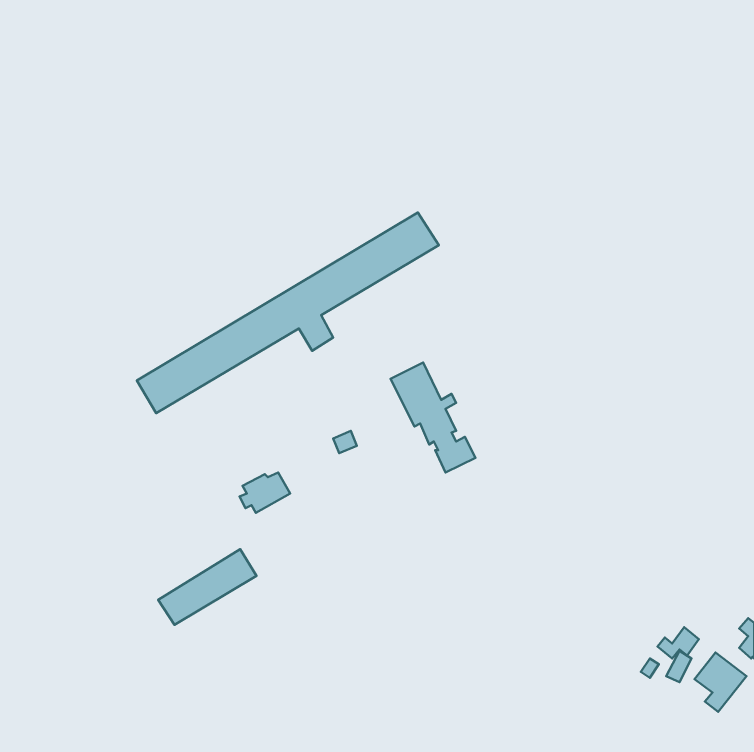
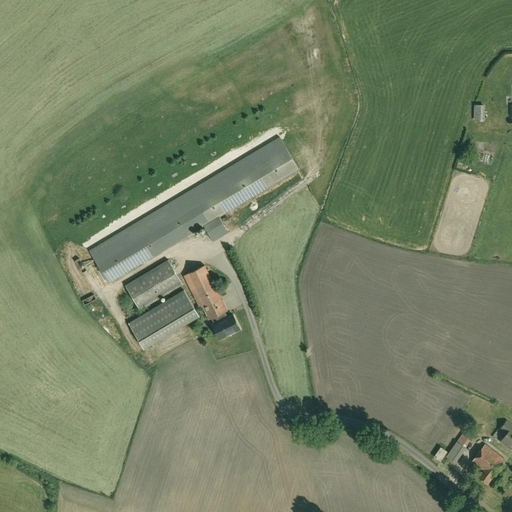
building: [391,363,475,473] -> [180,260,237,334]
building: none -> [122,255,179,305]
building: [158,549,256,625] -> [125,285,191,336]

